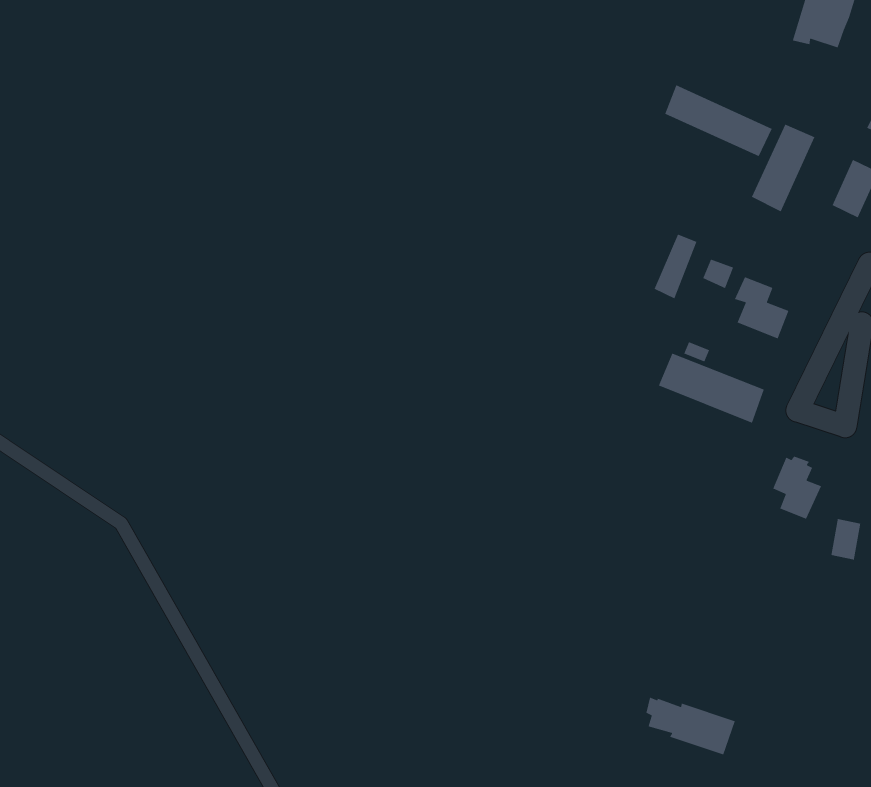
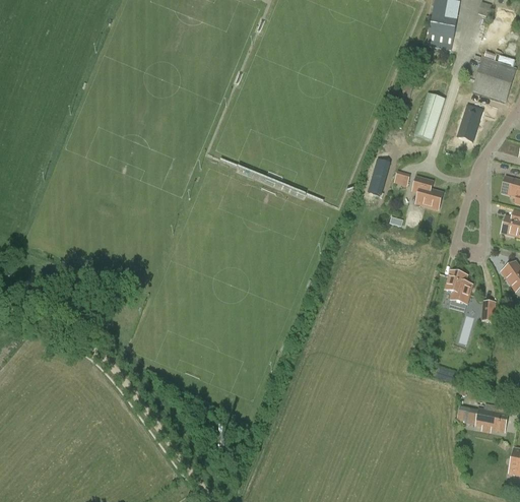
building: [664,84,773,157] -> none
building: [658,352,765,424] -> none
building: [645,697,736,756] -> [460,405,509,432]

